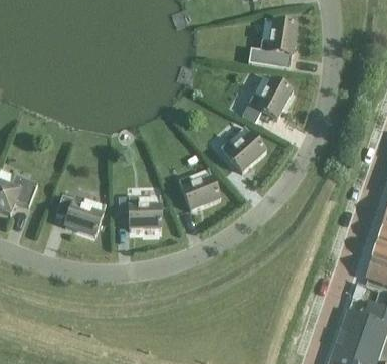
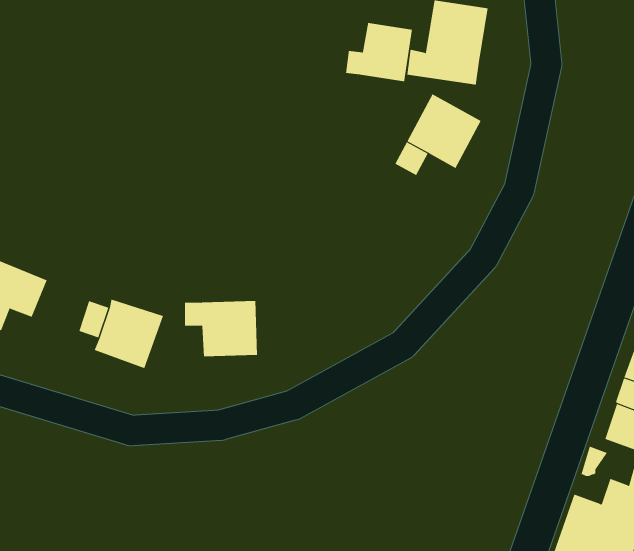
building: none -> [345,22,413,82]
building: [220,126,266,171] -> none
building: [178,168,220,210] -> none

